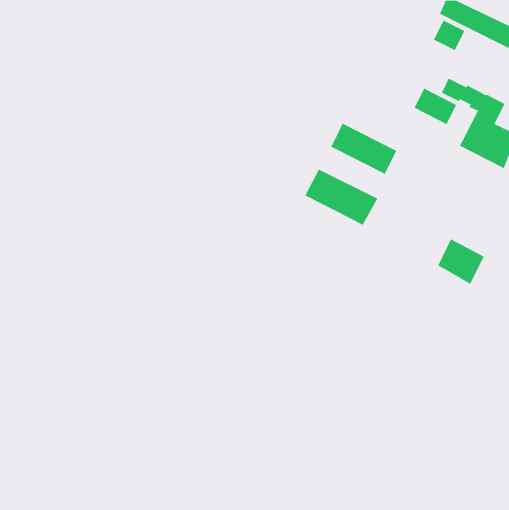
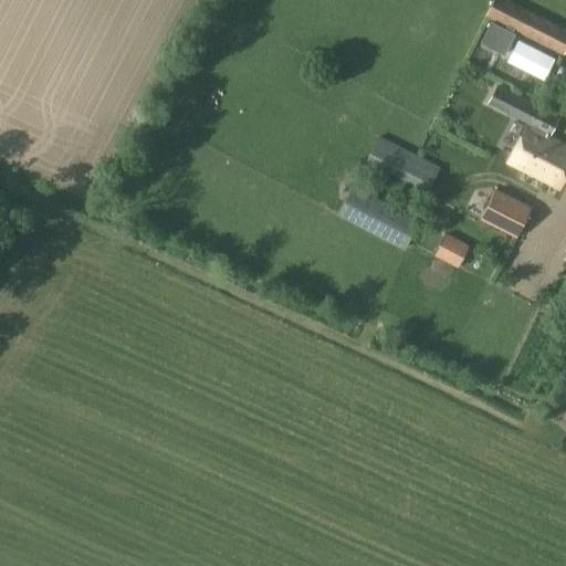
building: [414,88,457,125] -> [507,40,555,81]
building: none -> [434,233,470,269]
building: [438,239,485,284] -> [481,187,533,238]

